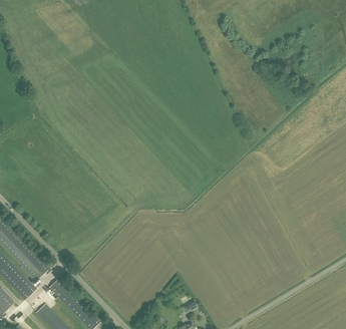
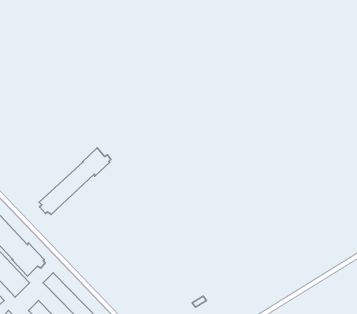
building: none -> [39,148,111,215]

